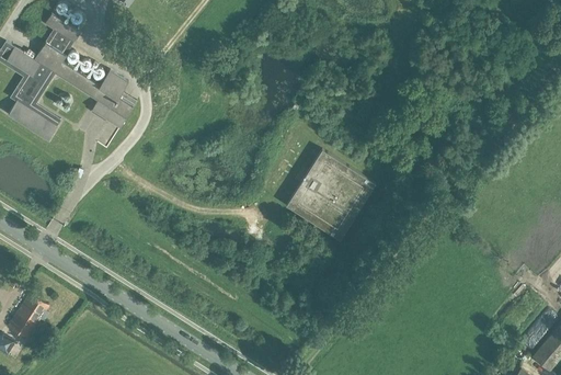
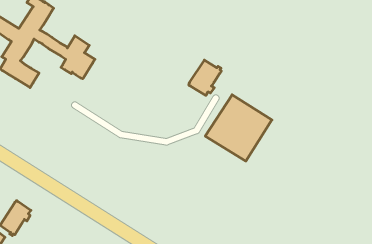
building: none -> [189,60,221,95]

